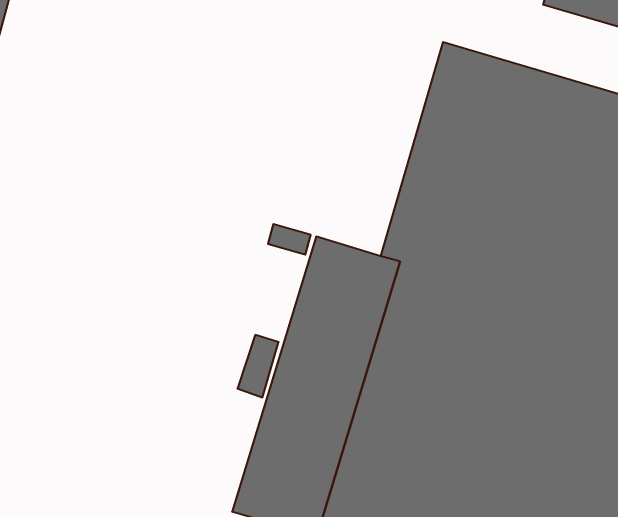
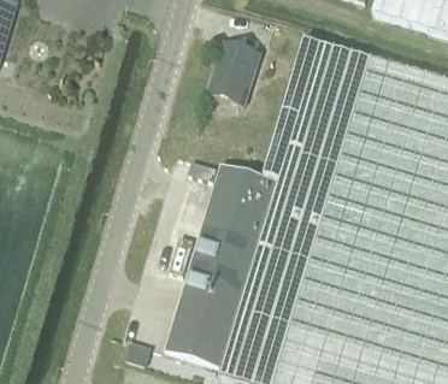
building: none -> [207,45,259,108]

